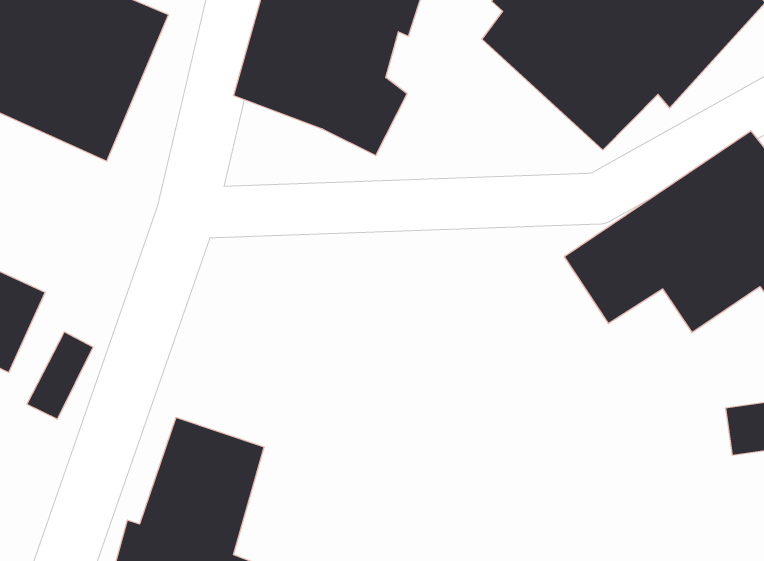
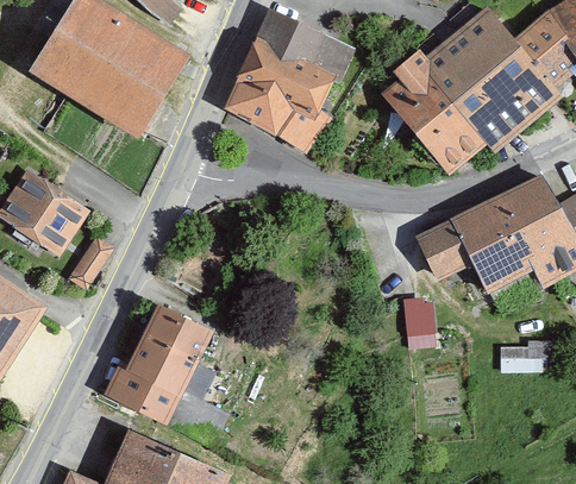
building: none -> [402,301,436,340]

